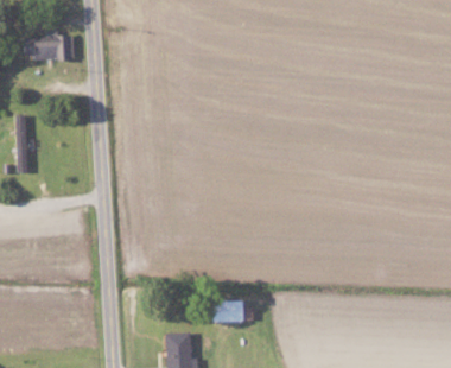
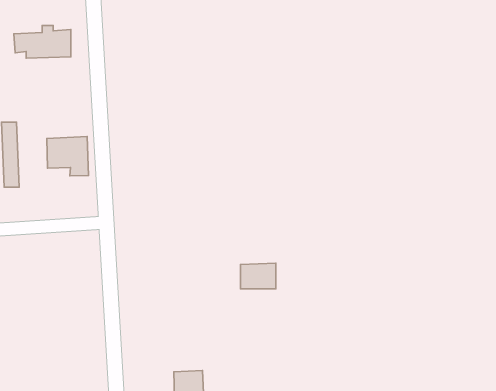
building: none -> [47,136,89,176]
building: [212,300,243,323] -> [241,263,276,289]

